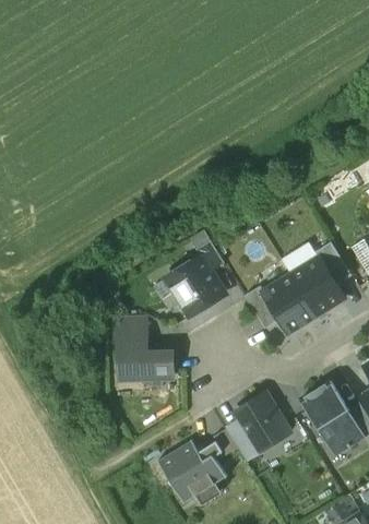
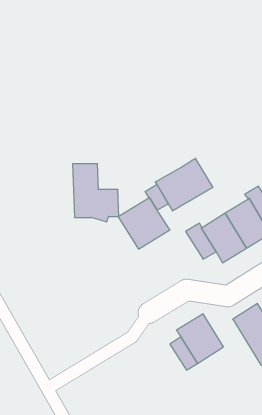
building: none -> [155,158,213,211]
building: [118,315,172,384] -> [73,164,119,222]
building: [157,440,227,503] -> none

